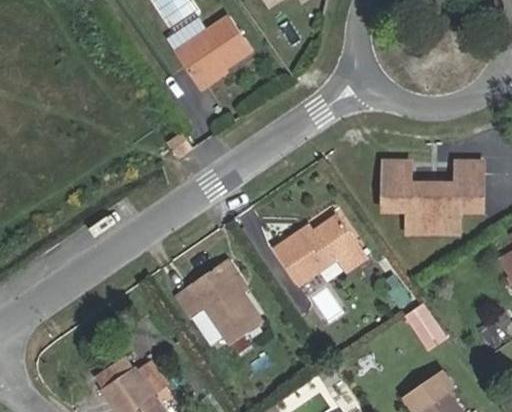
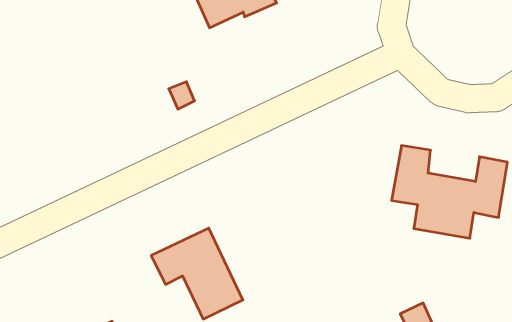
building: [272,214,367,287] -> none

